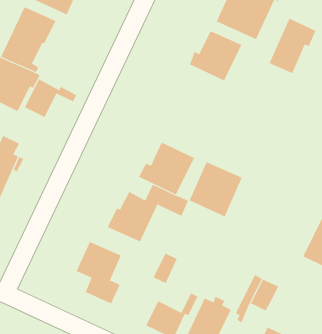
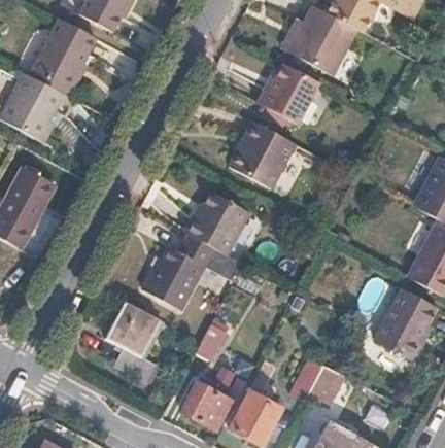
building: [269,18,316,74] -> none
building: [24,79,77,118] -> none
building: [189,162,243,217] -> [230,122,296,189]

